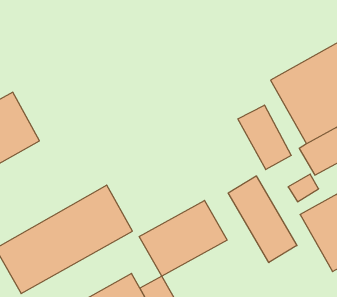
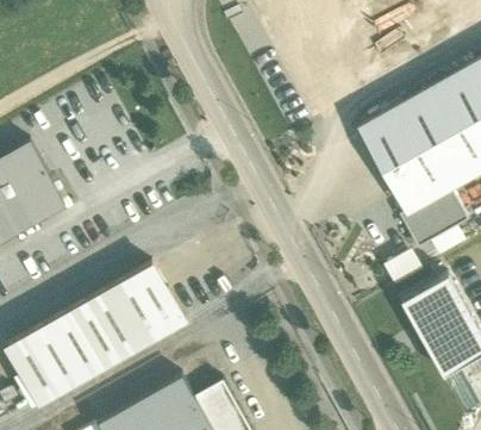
building: [238,105,291,170] -> none
building: [228,176,297,263] -> none
building: [139,200,227,276] -> none

